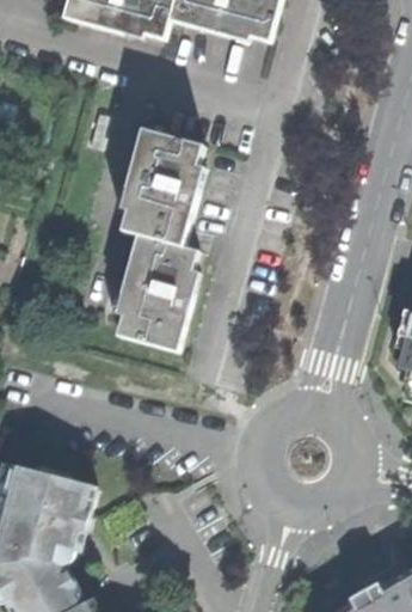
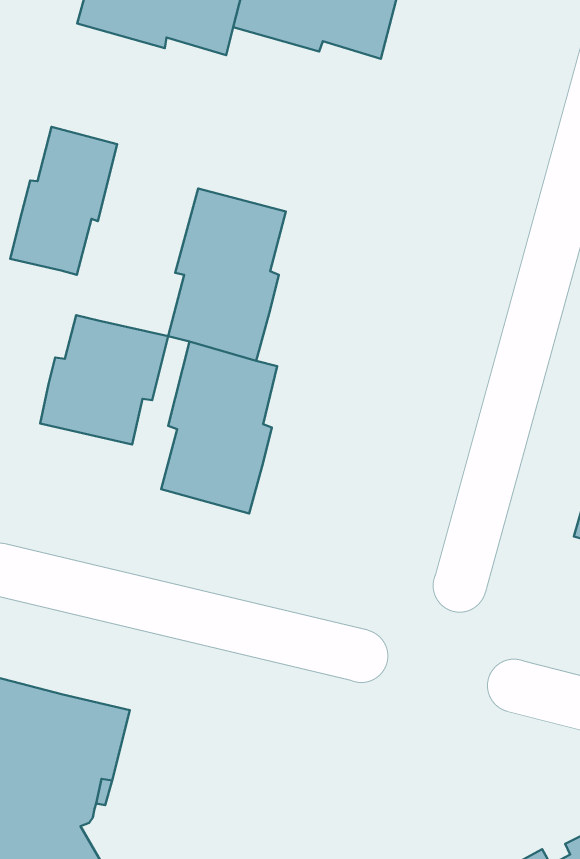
building: none -> [10,127,117,275]
building: none -> [40,315,168,445]

